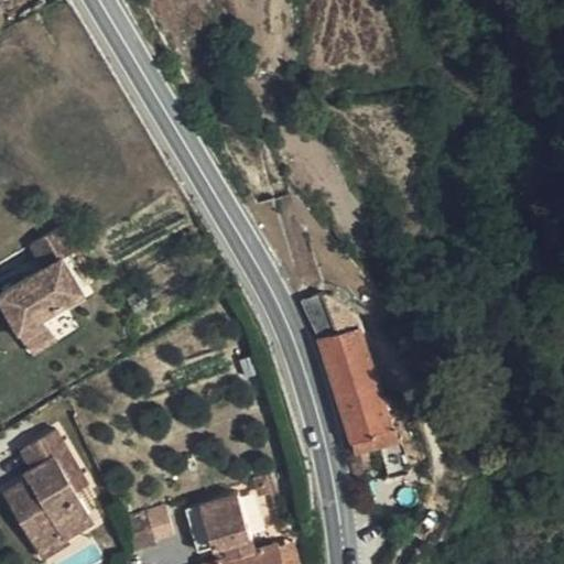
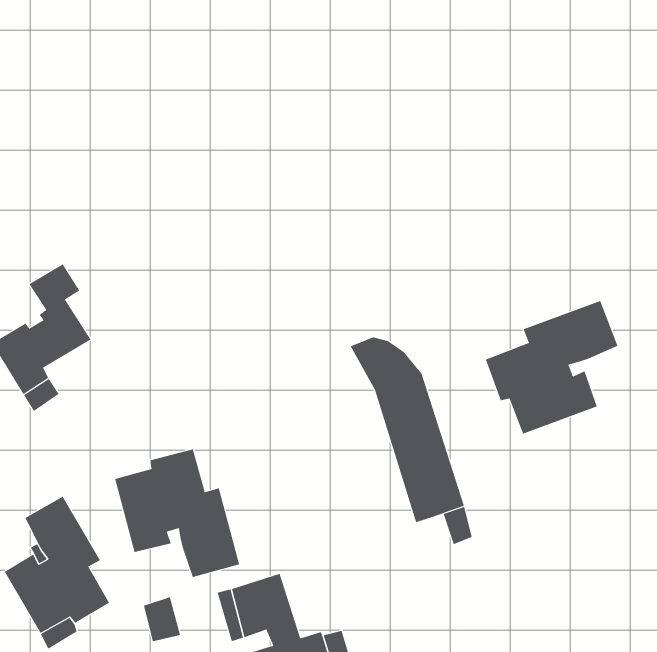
building: none -> [485,300,618,434]
building: none -> [115,449,240,578]

